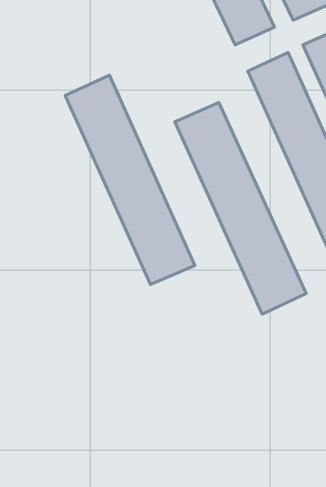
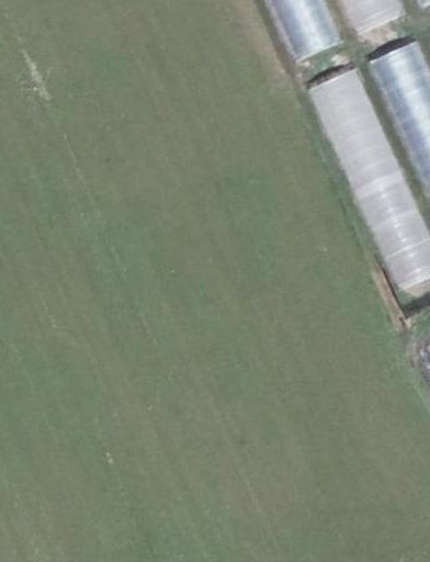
building: [65,75,195,284] -> none
building: [175,103,306,314] -> none

